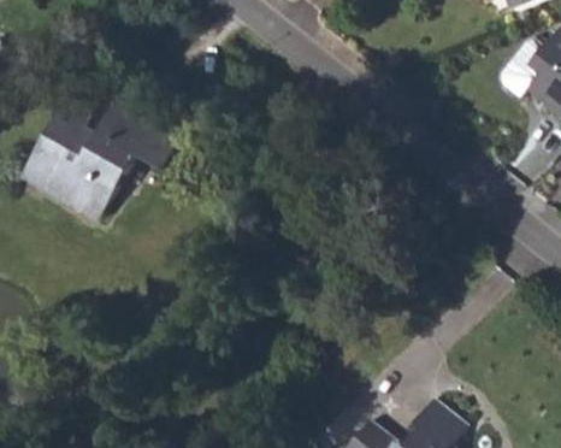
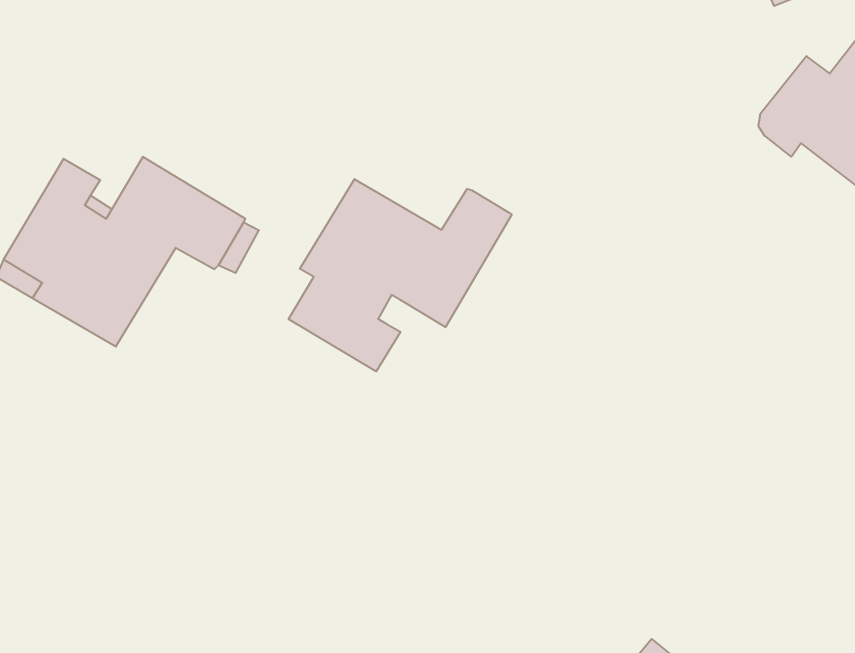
building: none -> [289,179,512,371]

